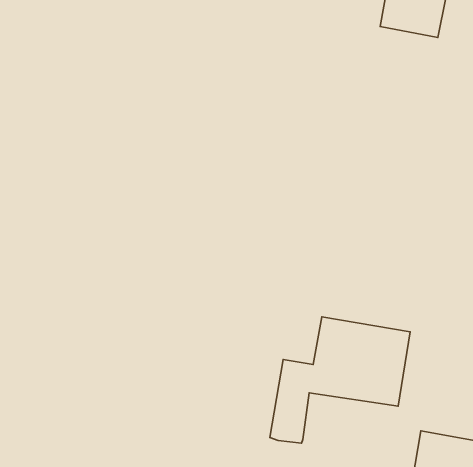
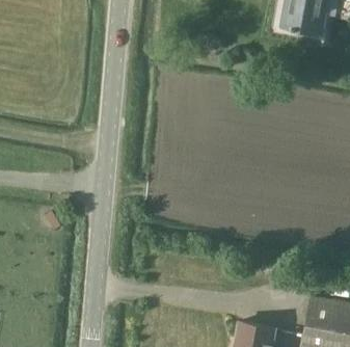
building: [270,317,410,443] -> none

